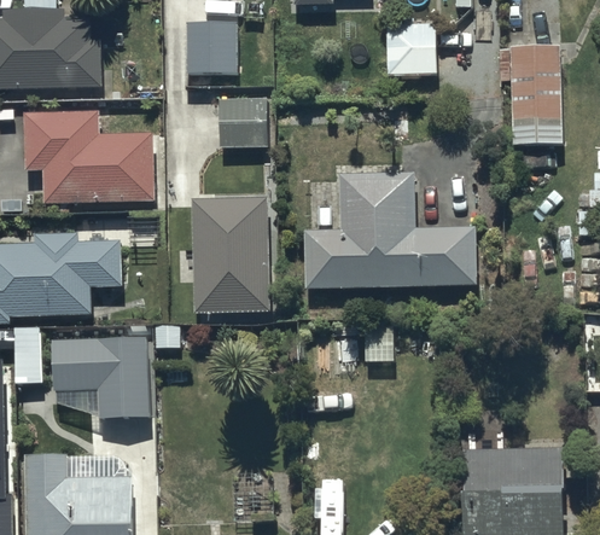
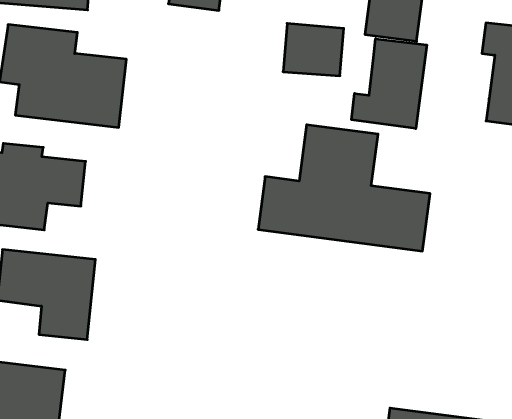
building: none -> [352,39,427,129]
building: [216,97,276,149] -> [283,23,344,76]
building: [190,199,267,310] -> none

